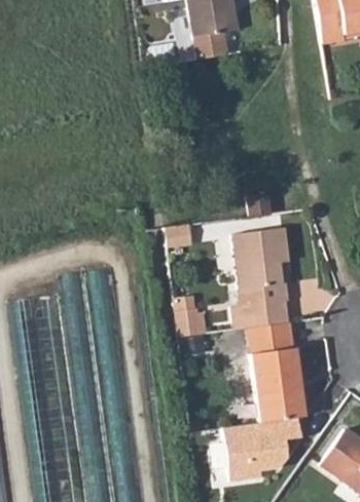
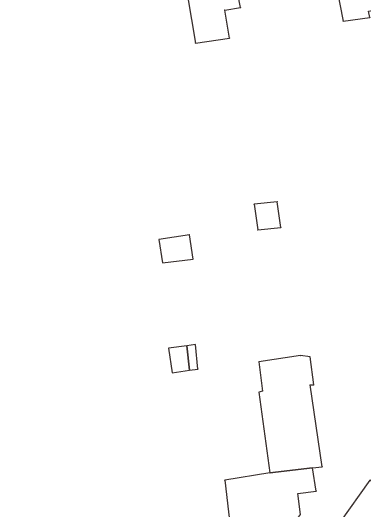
building: [229,229,287,331] -> none

